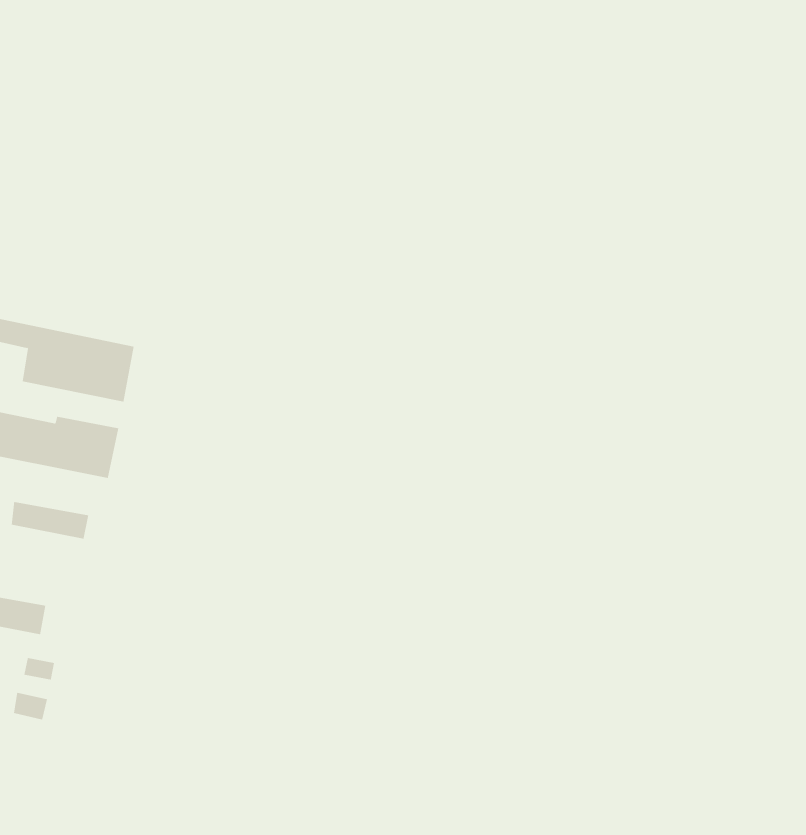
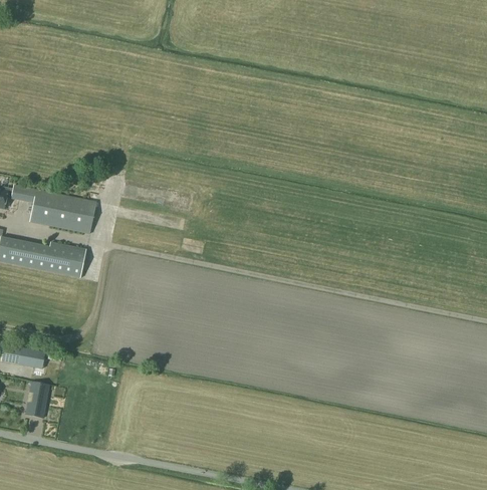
building: [11,501,89,540] -> none

